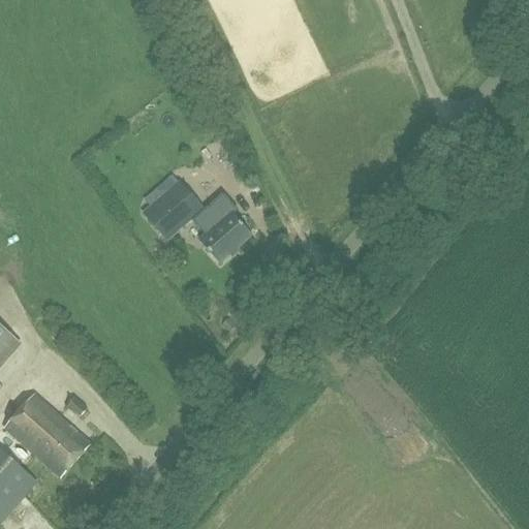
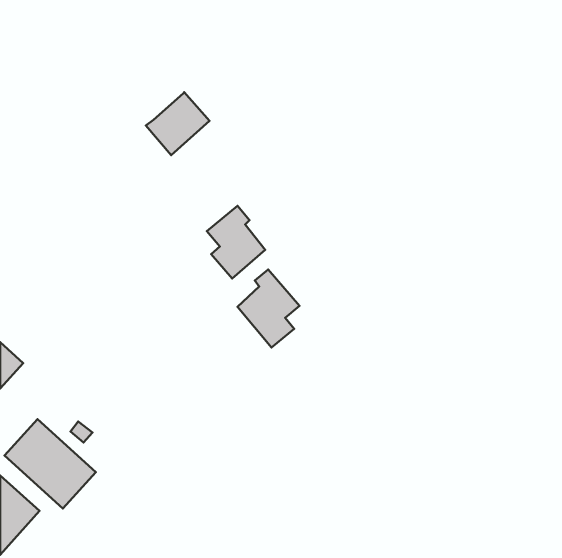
building: [144,178,204,237] -> [146,92,210,155]
building: none -> [238,269,300,348]

